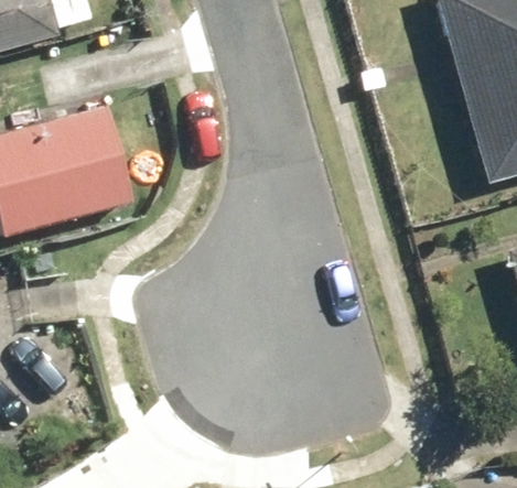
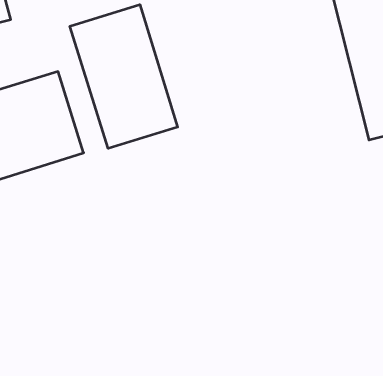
building: none -> [70,5,178,148]

